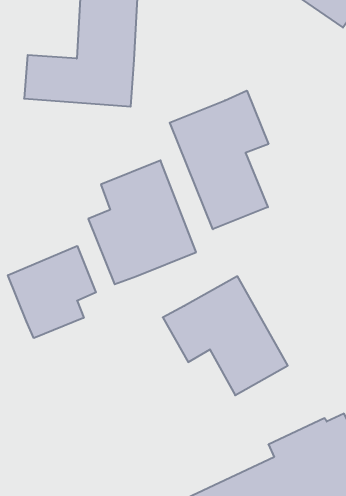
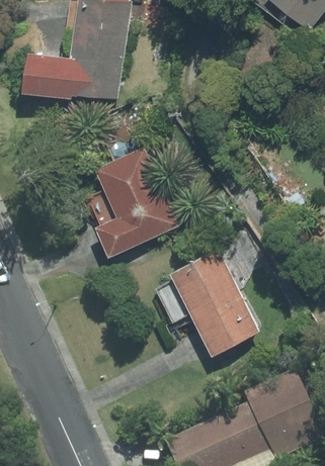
building: [170,91,268,229] -> none
building: [8,246,96,338] -> none

